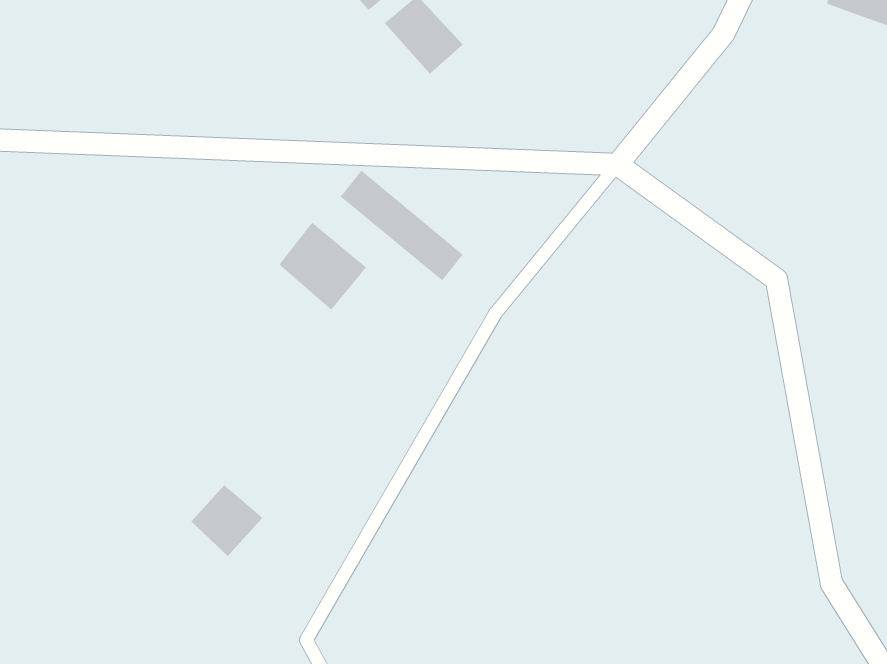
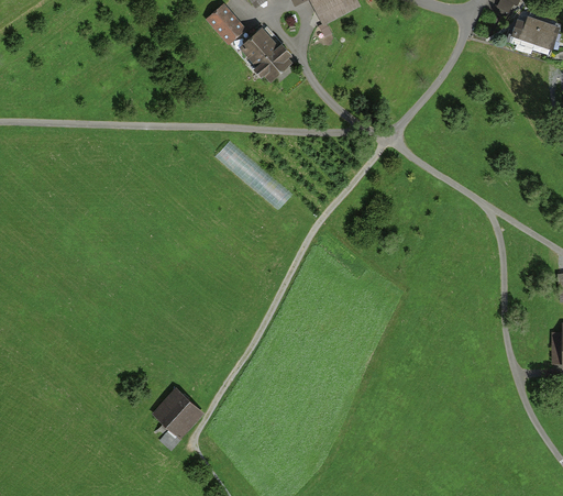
building: [278,222,367,310] -> none
building: [191,484,263,557] -> [157,390,202,436]

